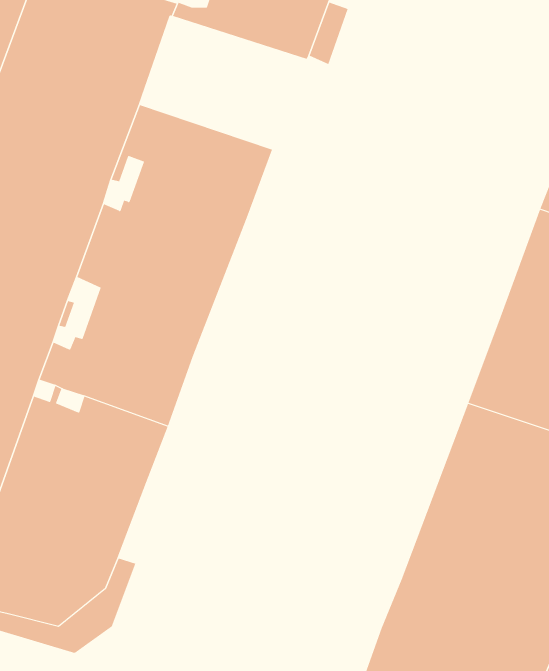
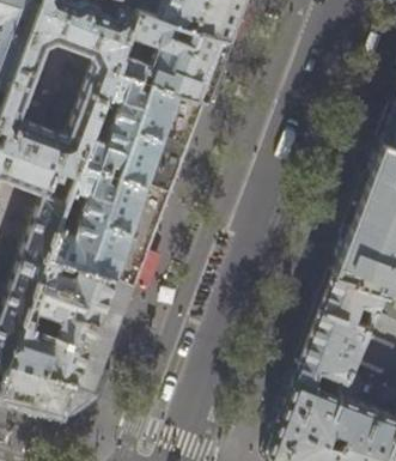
building: none -> [117,13,229,102]

